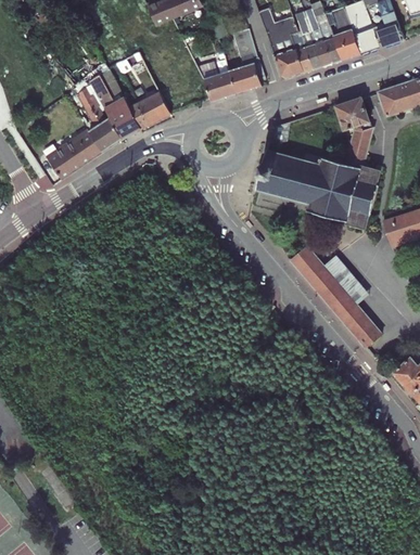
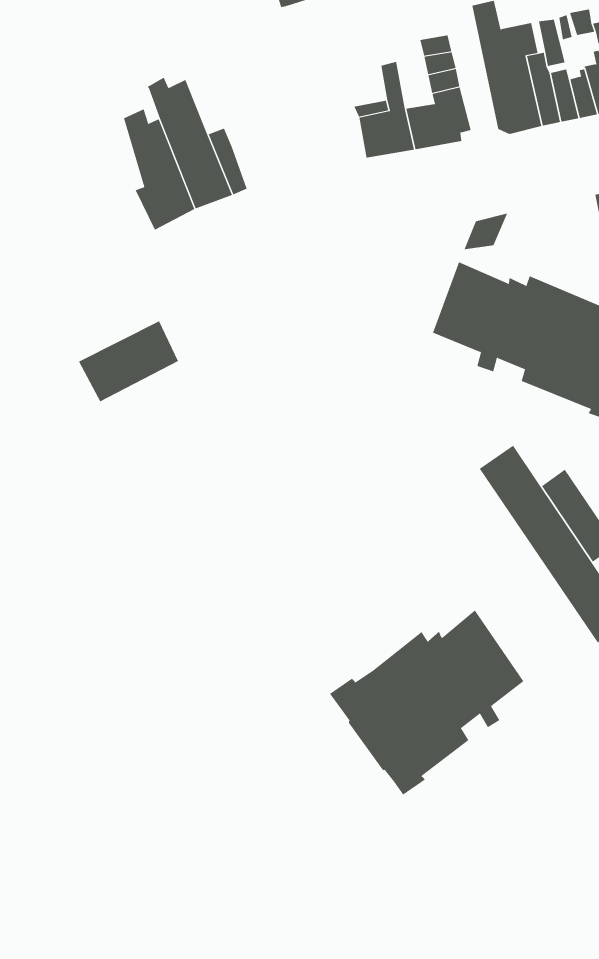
building: [137,91,169,124] -> none
building: [46,131,100,179] -> [78,321,179,402]
building: none -> [329,610,524,795]

